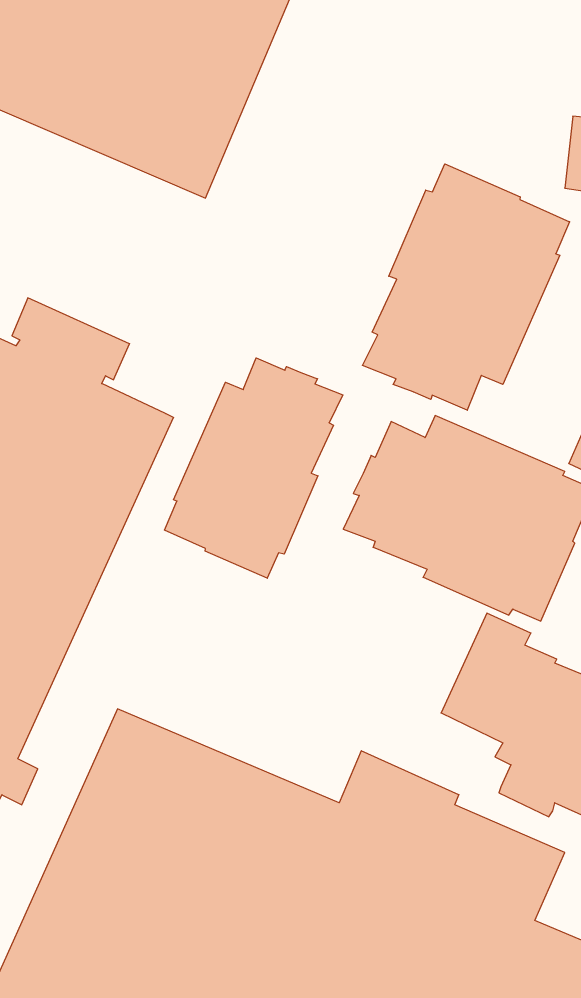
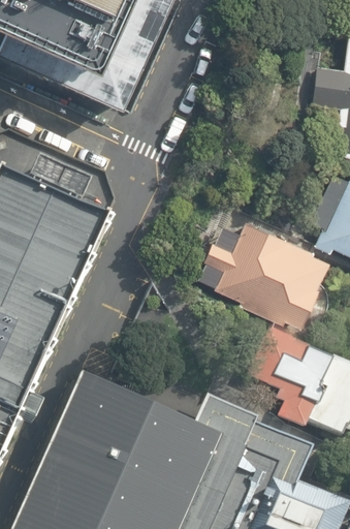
building: [362,164,570,410] -> none
building: [164,358,343,578] -> none

